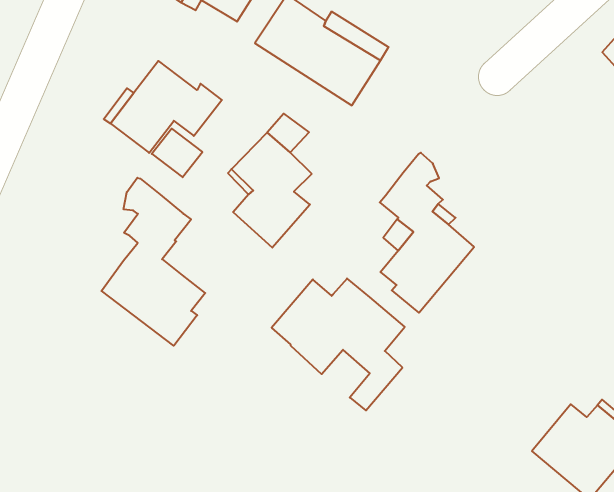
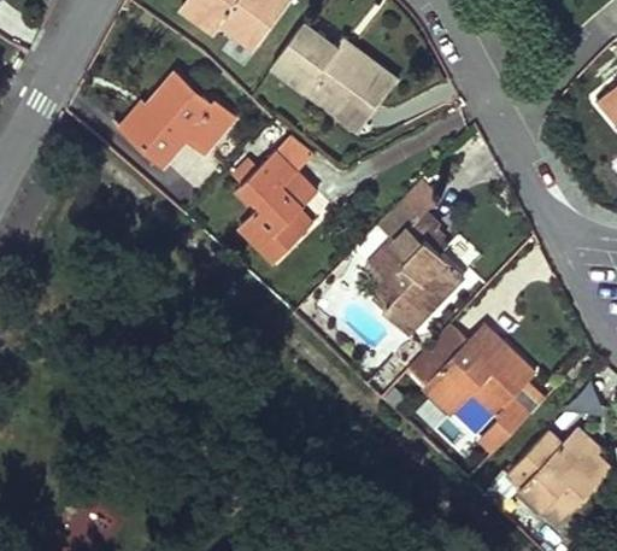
building: [101,178,205,346] -> none
building: [272,278,405,410] -> [407,326,534,453]

